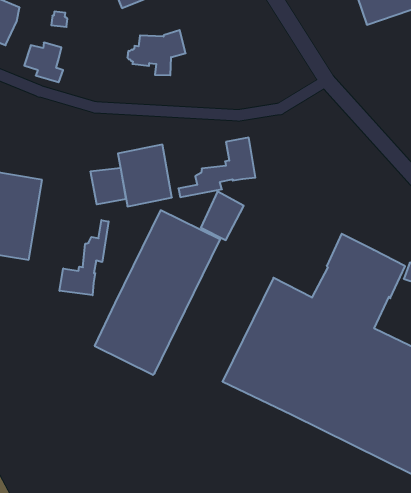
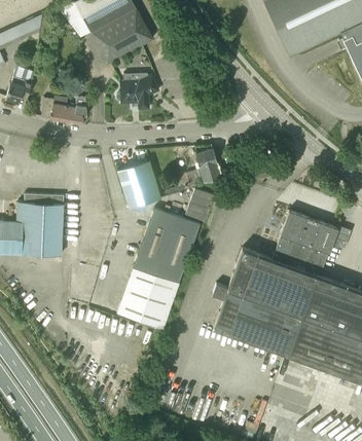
building: none -> [65,96,86,124]
building: [91,168,126,204] -> none
building: [60,220,109,295] -> none

